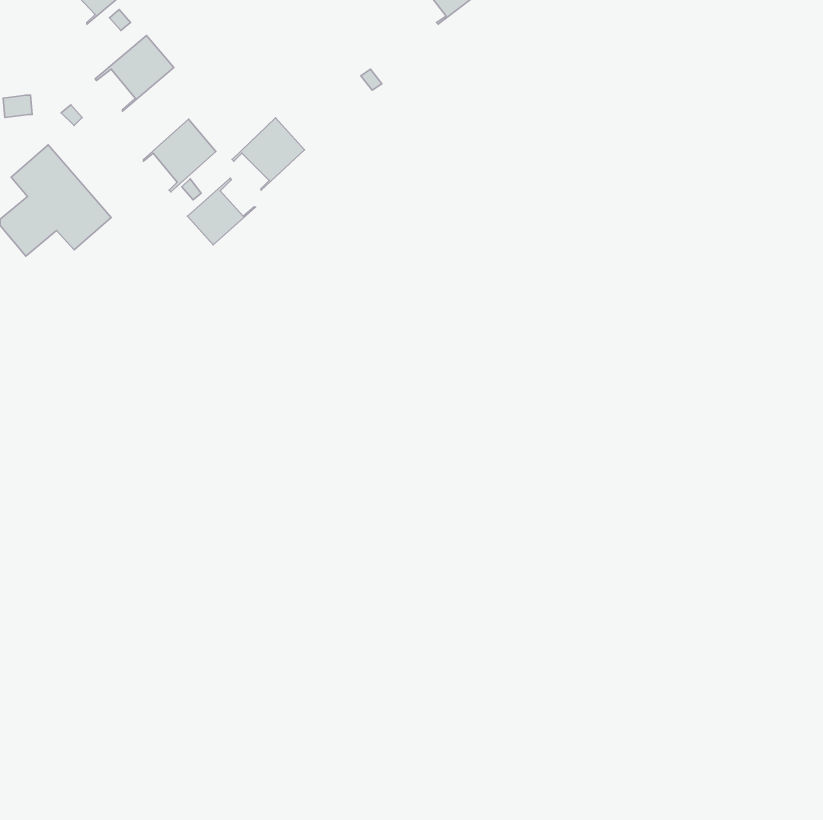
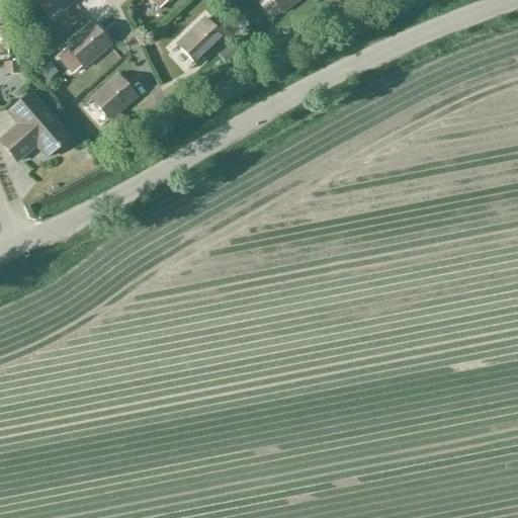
building: [232,118,305,190] -> [177,17,223,63]
building: [188,178,256,245] -> none

